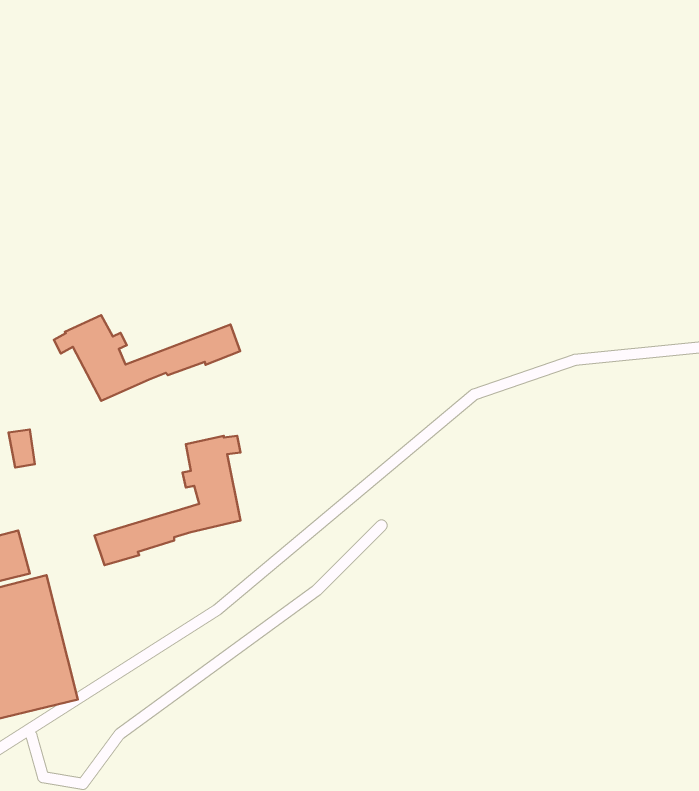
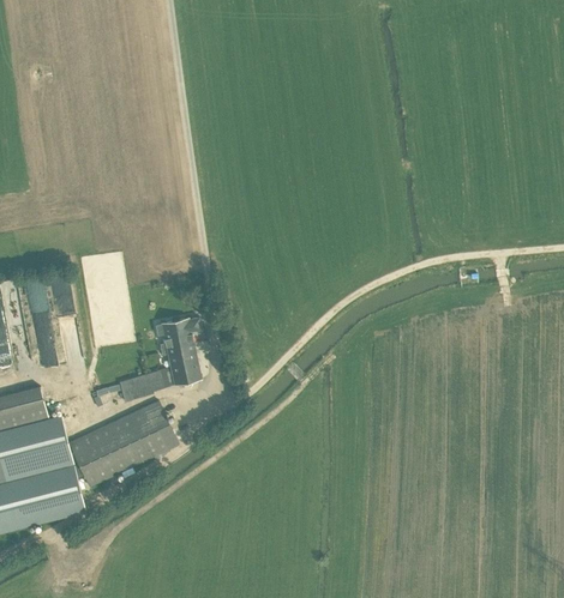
building: [54,315,240,401] -> none
building: none -> [68,401,178,487]

